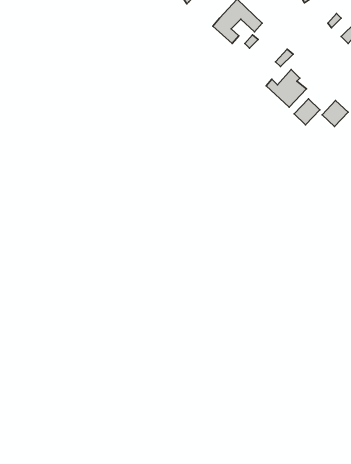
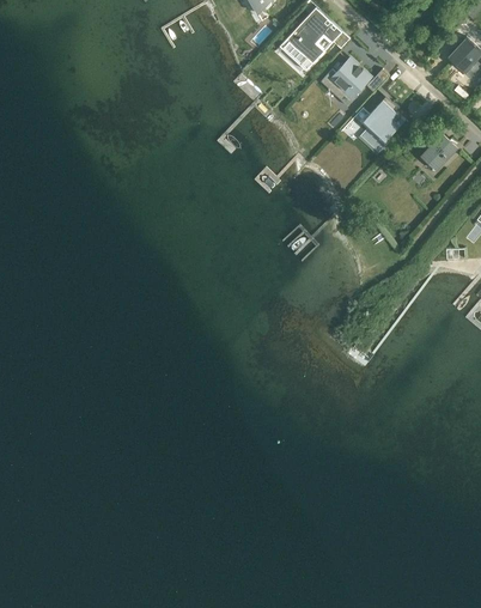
building: none -> [322,60,369,98]
building: [294,99,320,125] -> none

